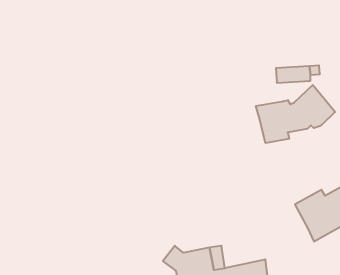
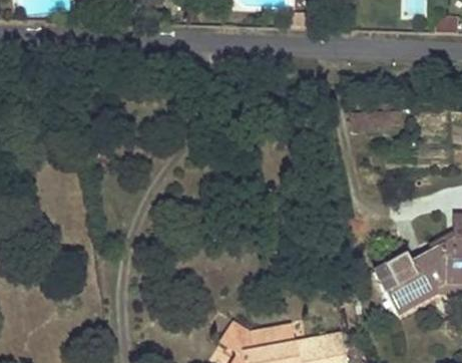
building: [256,85,335,143] -> none

